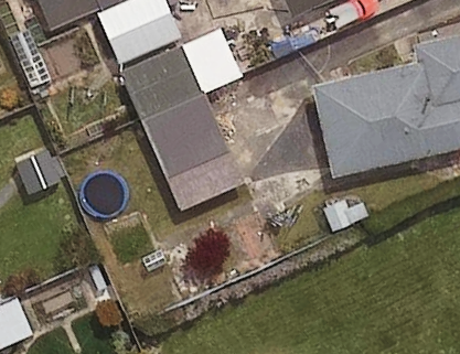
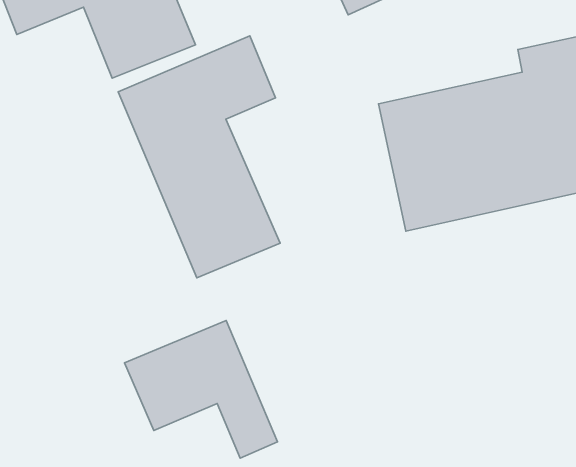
building: none -> [125,320,277,458]

